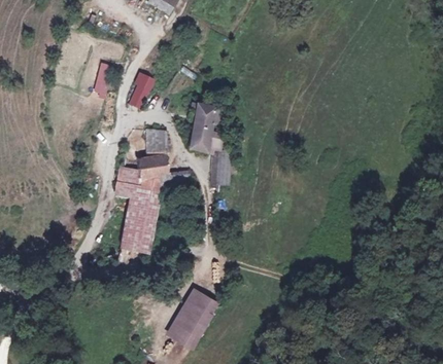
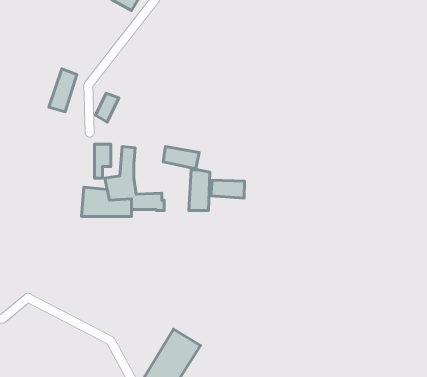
building: [190,104,218,134] -> none
building: none -> [211,180,245,198]
building: [115,192,160,247] -> none

